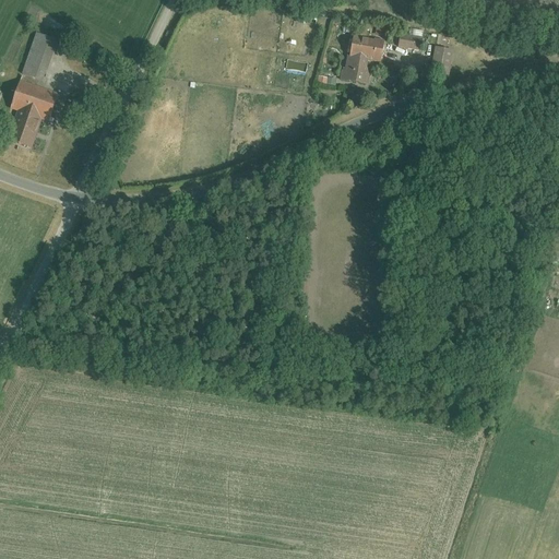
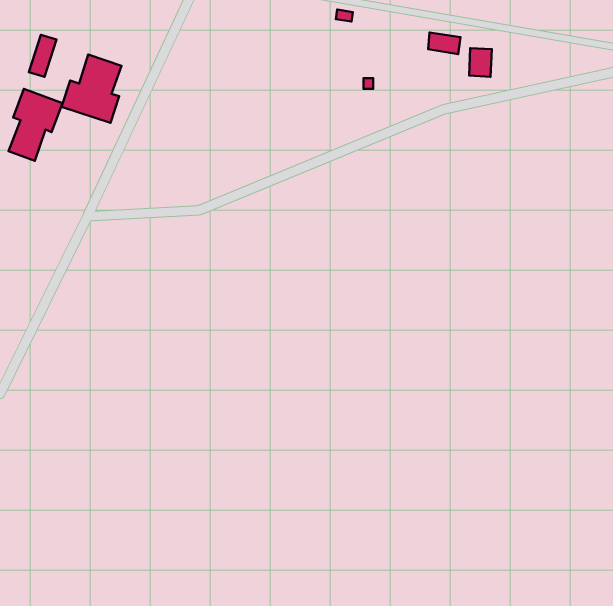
building: [346,37,381,73] -> none
building: none -> [62,55,122,123]

